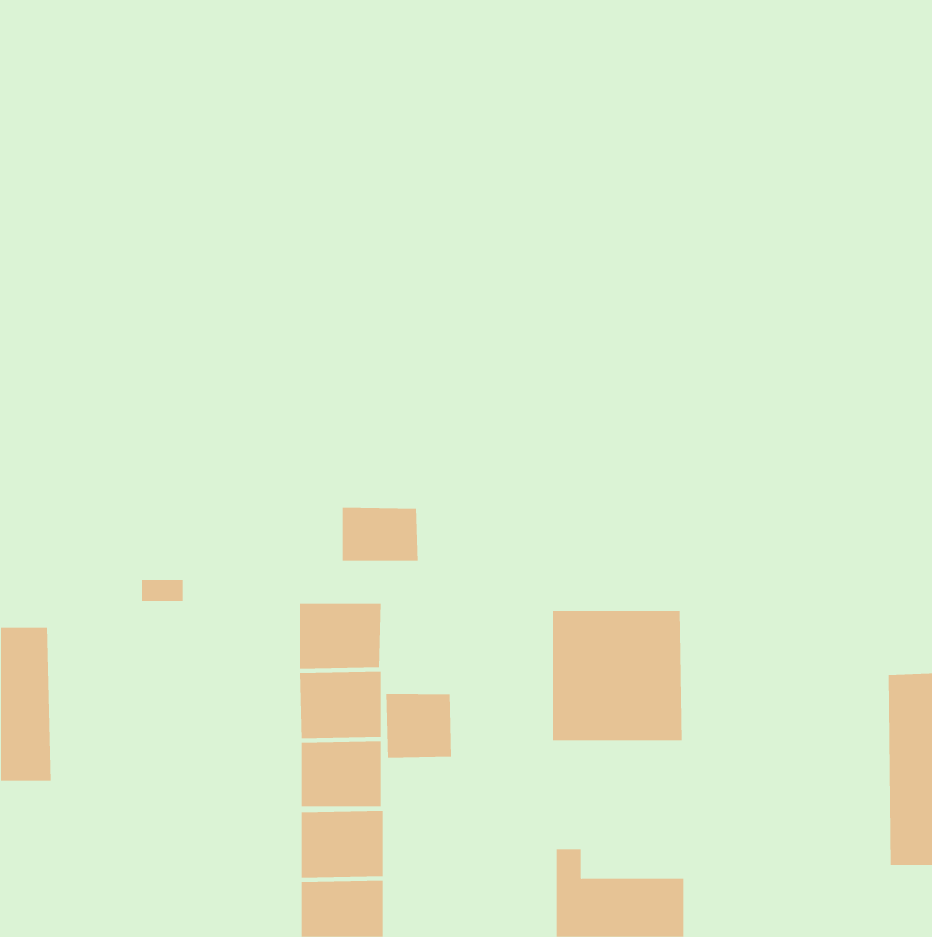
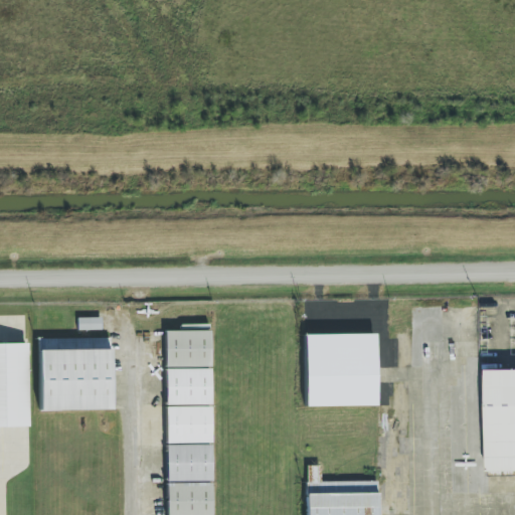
building: [342,507,418,562] -> none
building: none -> [40,338,114,411]
building: [386,693,452,759] -> none

